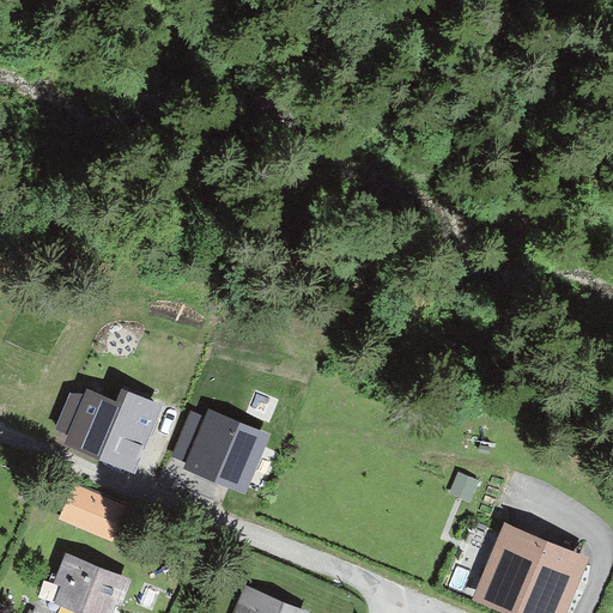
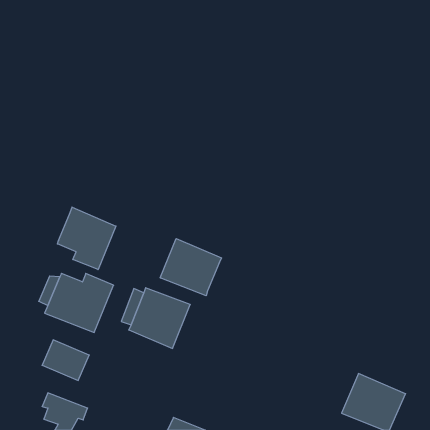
building: none -> [57,207,116,270]
building: none -> [160,239,222,296]

